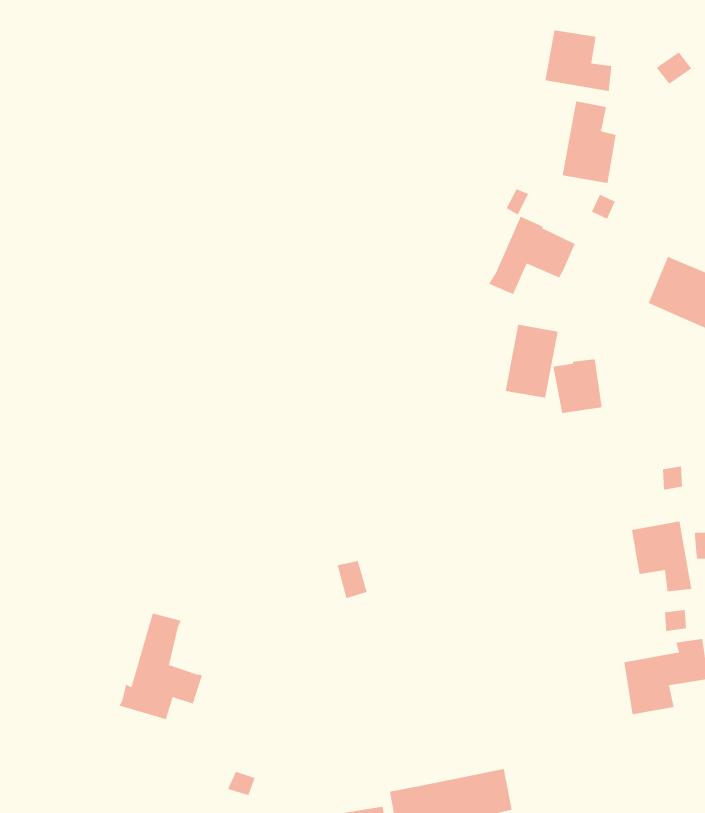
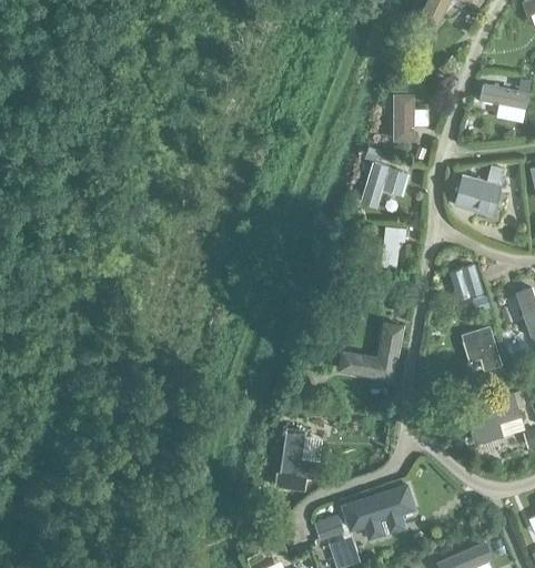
building: [545,29,612,92] -> none
building: [553,359,602,413] -> [451,265,483,300]
building: none -> [340,323,403,379]
building: [119,613,203,720] -> [275,429,322,490]

